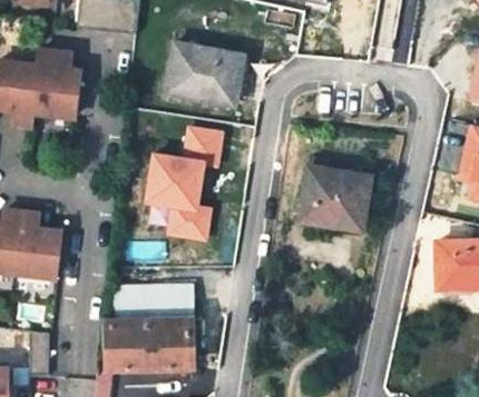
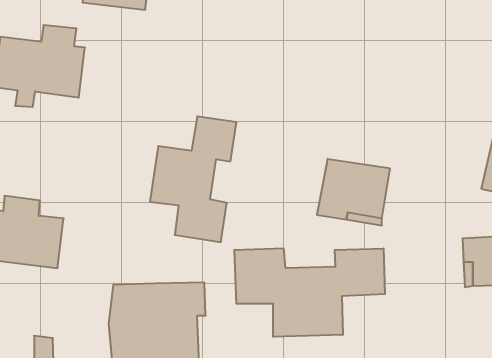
building: [165,46,242,106] -> none
building: none -> [235,248,385,337]

